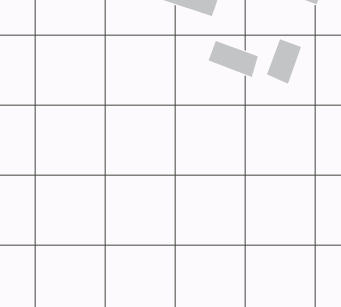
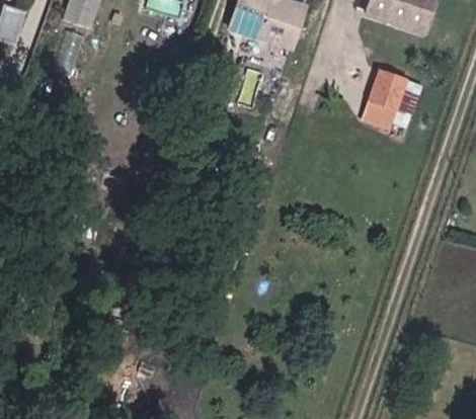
building: [208,40,258,78] -> none

